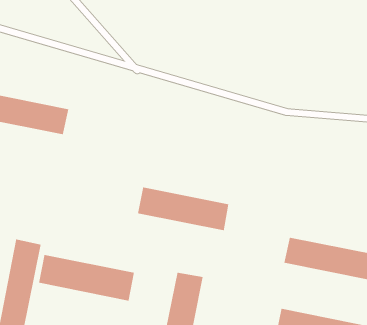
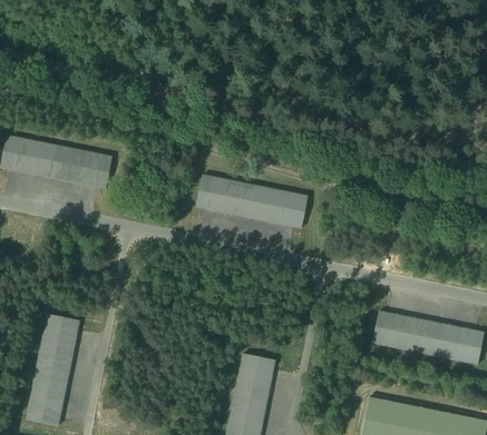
building: [137,187,229,231] -> [196,175,308,228]
building: [39,254,134,301] -> none

